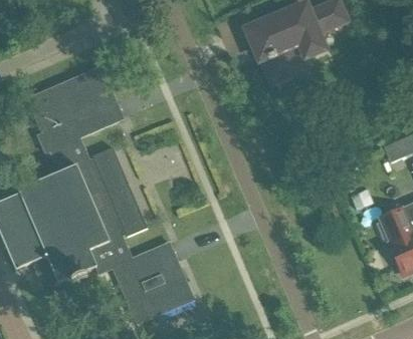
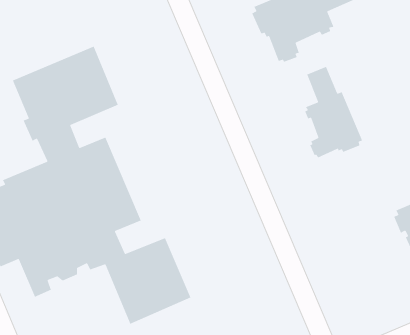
building: none -> [304,66,363,158]

